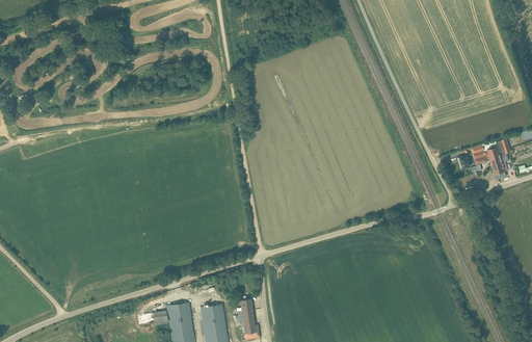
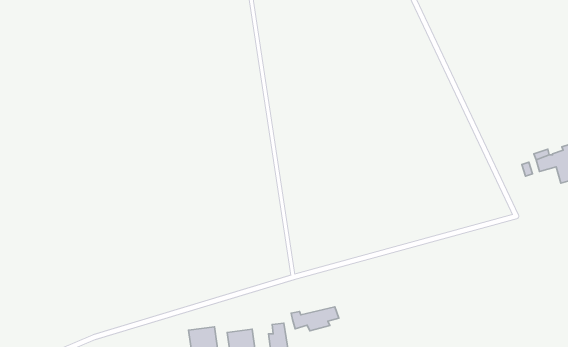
building: none -> [291,307,339,331]

